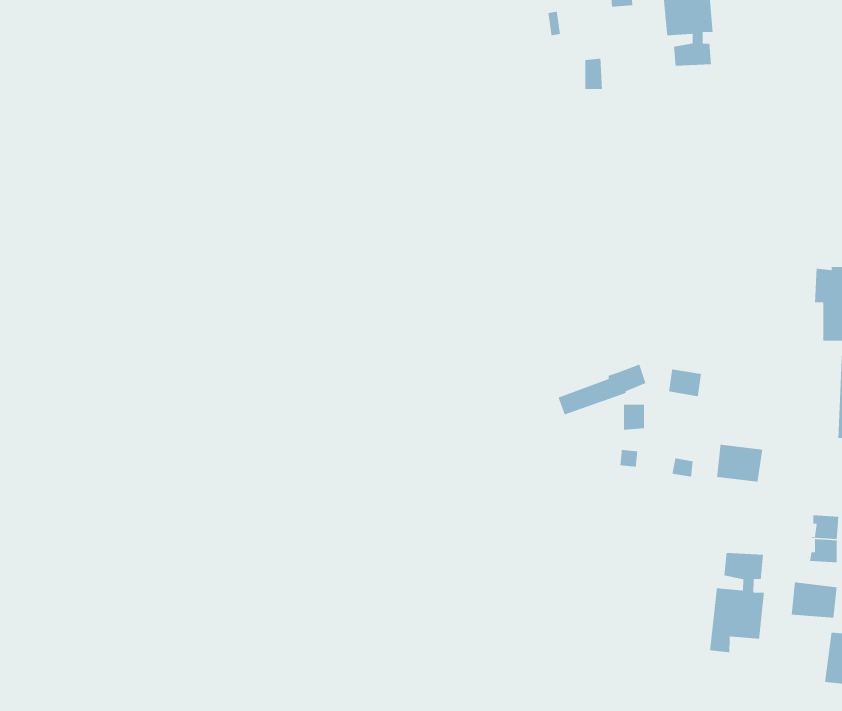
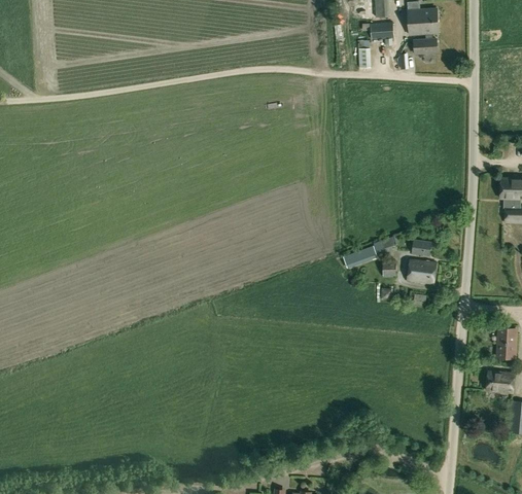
building: none -> [371,22,394,40]
building: [716,444,763,483] -> [408,259,437,283]
building: [709,552,765,653] -> none

